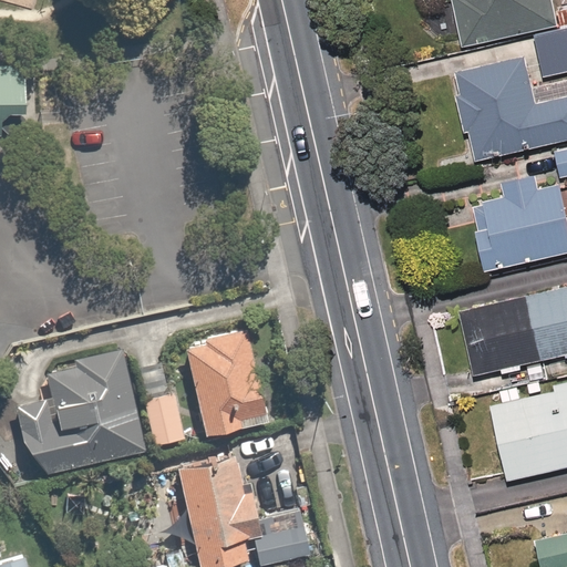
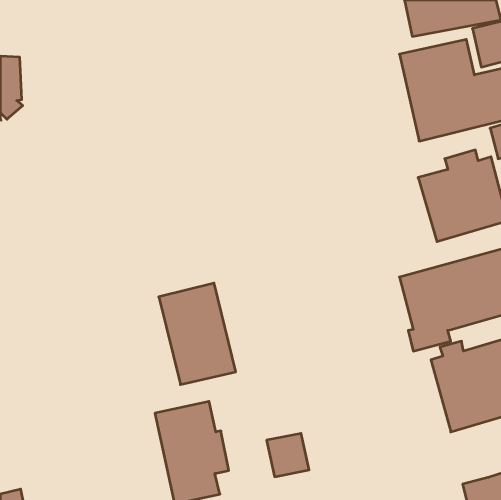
building: [29,347,145,473] -> none
building: [140,389,184,446] -> none
building: [259,512,307,560] -> [267,433,309,477]

